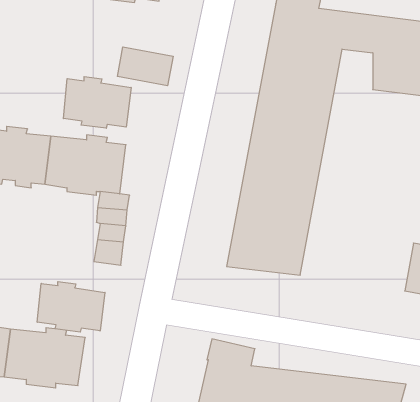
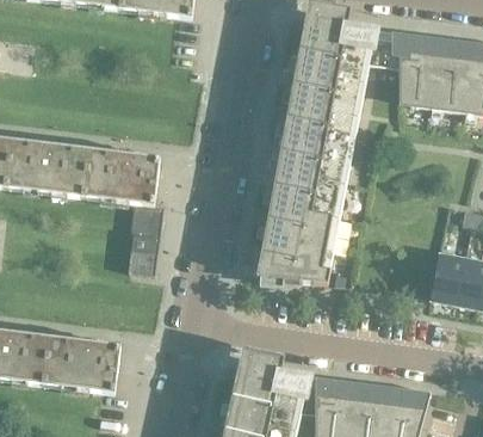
building: [117,47,173,86] -> none
building: [63,77,131,128] -> none
building: [37,282,105,332] -> none

